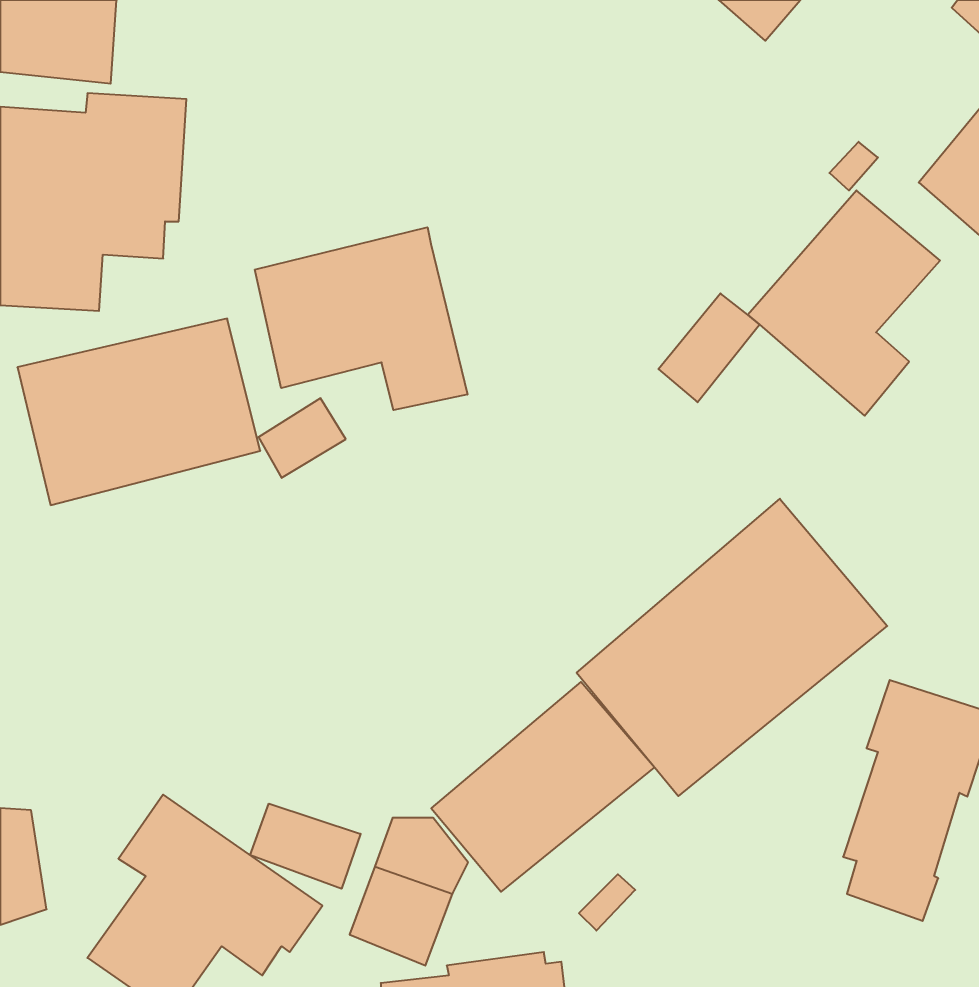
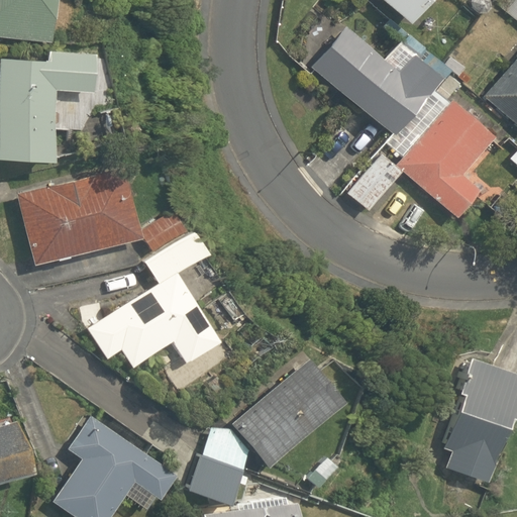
building: none -> [311,27,451,134]
building: [255,227,467,410] -> none
building: none -> [88,232,221,368]
building: [577,499,887,796] -> none
building: [250,804,361,889] -> none

